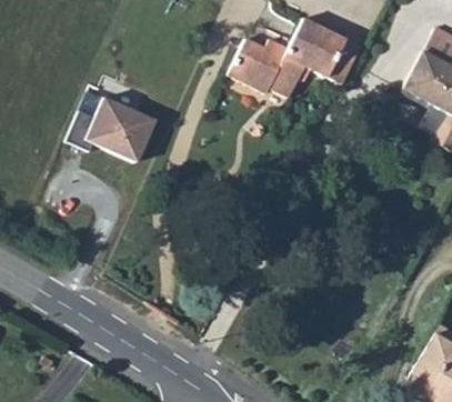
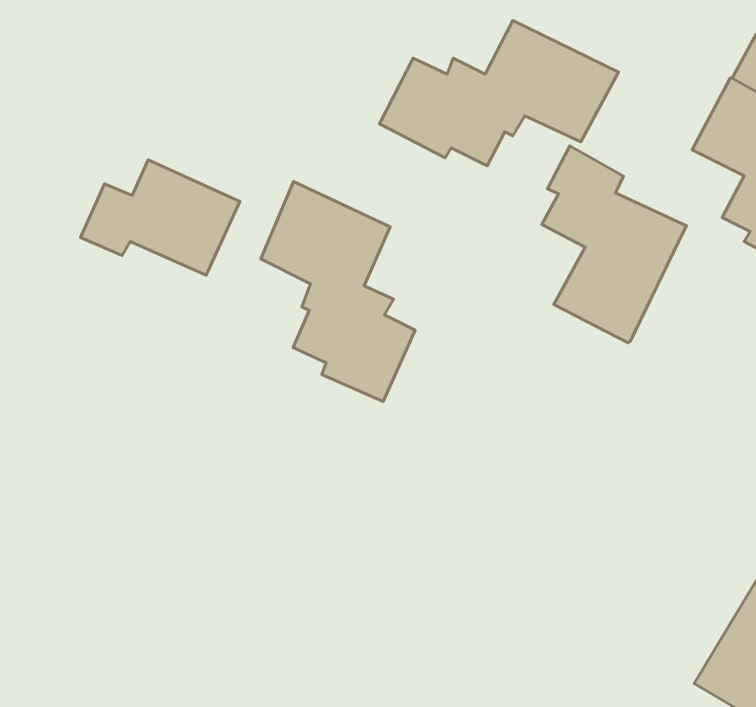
building: none -> [542,146,686,343]
building: none -> [261,181,415,402]

